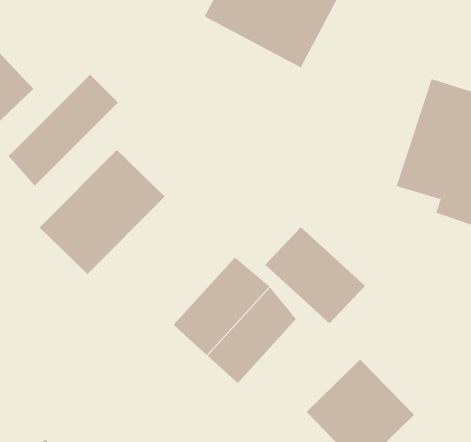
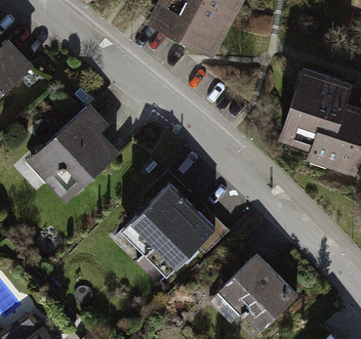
building: [8,74,119,187] -> none
building: [265,226,366,324] -> none

